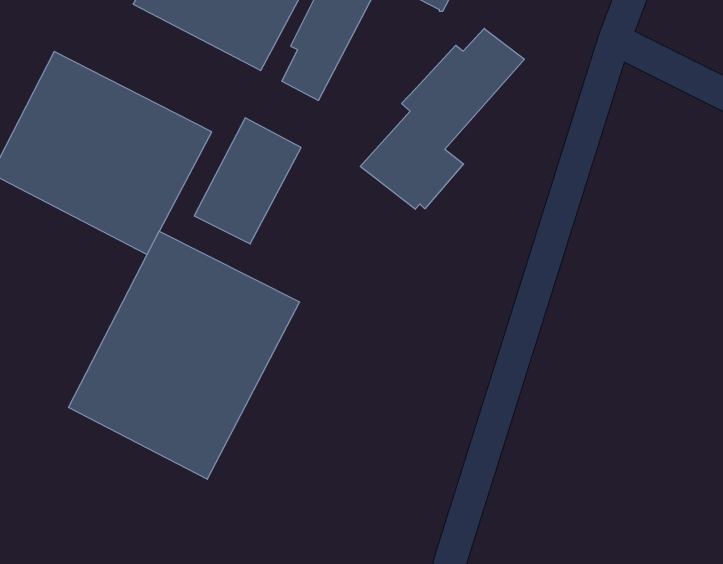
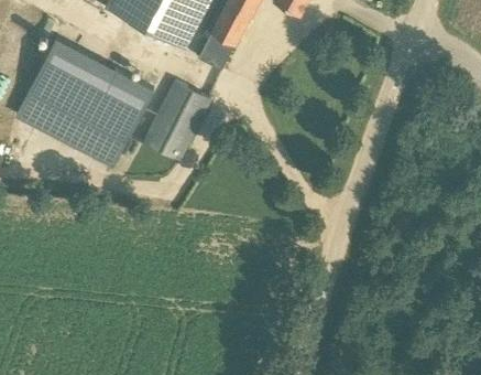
building: [360,28,524,209] -> none
building: [69,231,300,479] -> none

